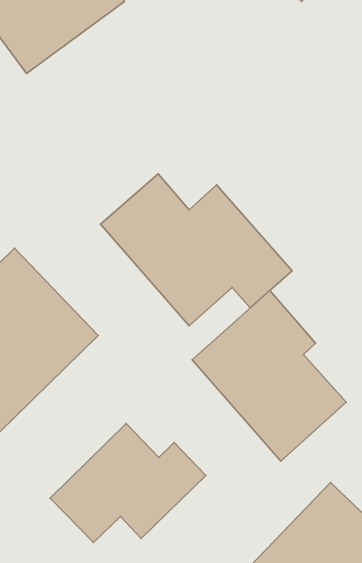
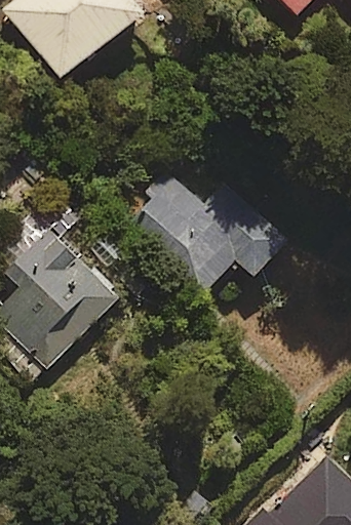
building: [192,291,346,461] -> none
building: [50,424,206,543] -> none

